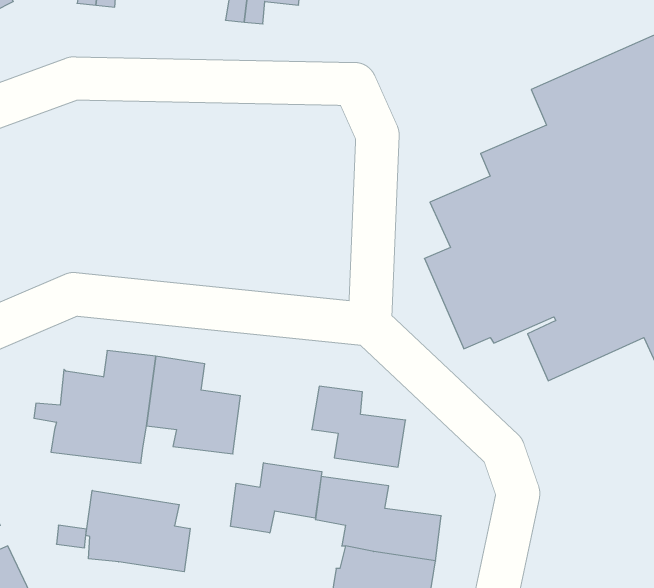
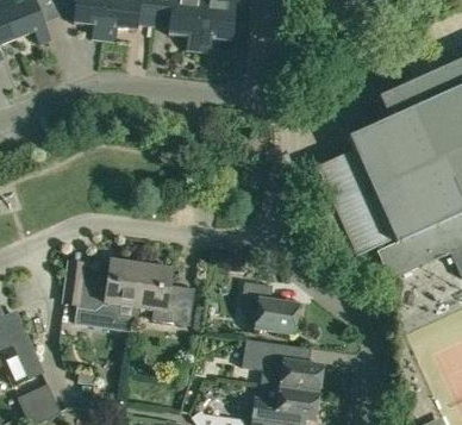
building: [231,463,322,533] -> none
building: [86,490,190,572] -> none

